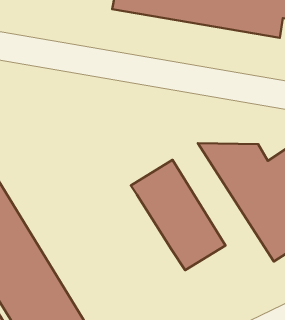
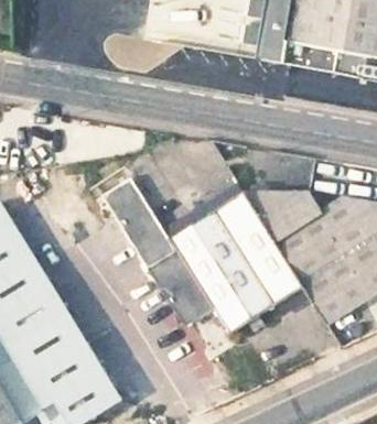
building: none -> [101,180,214,327]
building: none -> [215,191,304,305]

